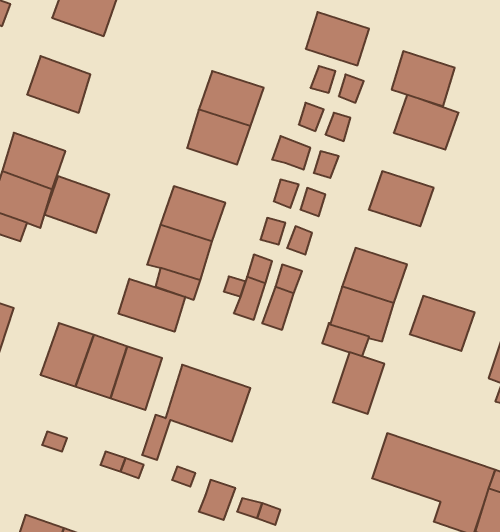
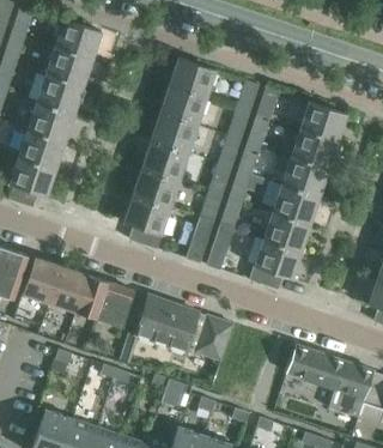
building: [306,12,369,65] -> [170,59,215,97]
building: none -> [47,47,92,87]
building: [392,51,455,106] -> [292,129,338,169]
building: none -> [142,140,188,180]
building: [45,176,109,233] -> [28,102,74,143]
building: [118,279,185,332] -> none
building: [410,296,475,351] -> [273,184,320,224]
building: none -> [23,258,60,303]
building: [333,352,384,414] -> [195,316,232,361]

